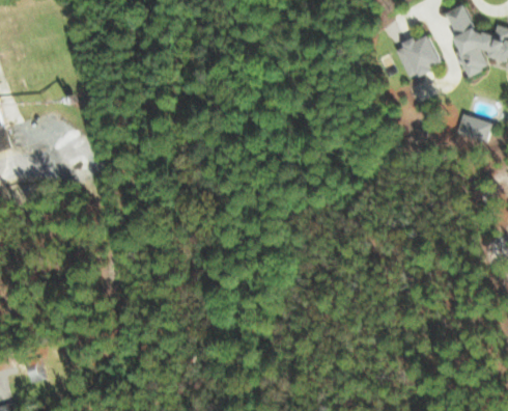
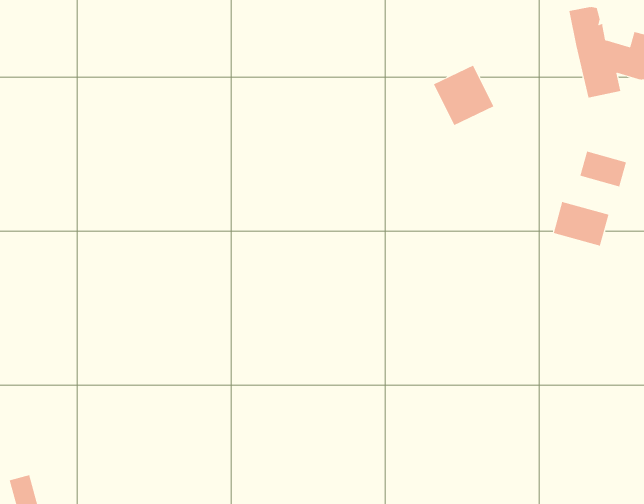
building: [395,33,441,79] -> [433,65,494,126]
building: none -> [553,201,609,246]

